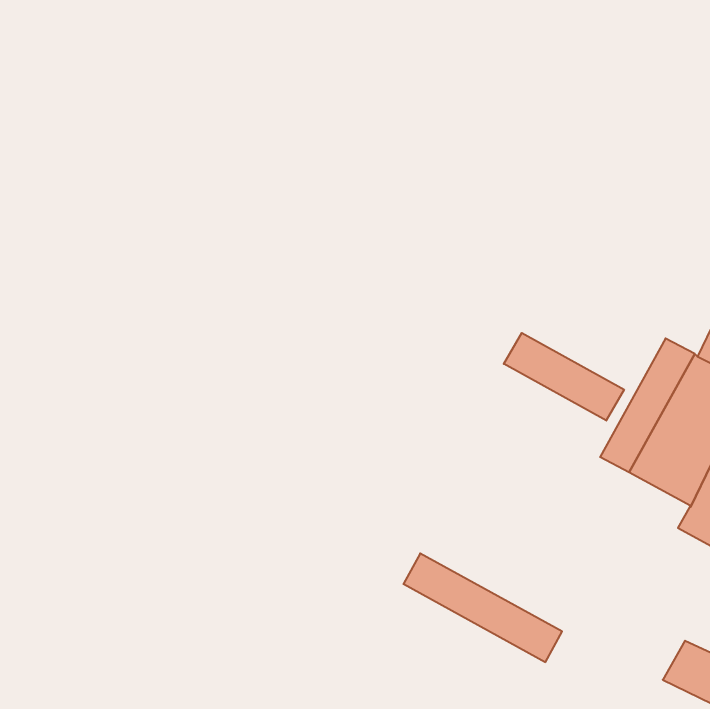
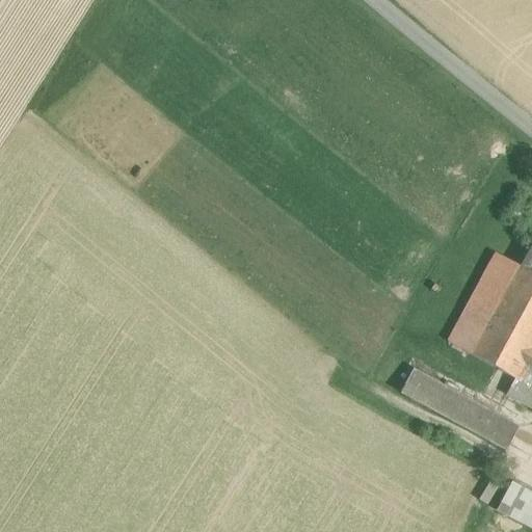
building: [504,333,624,421] -> none
building: [403,553,562,662] -> [401,368,520,449]

